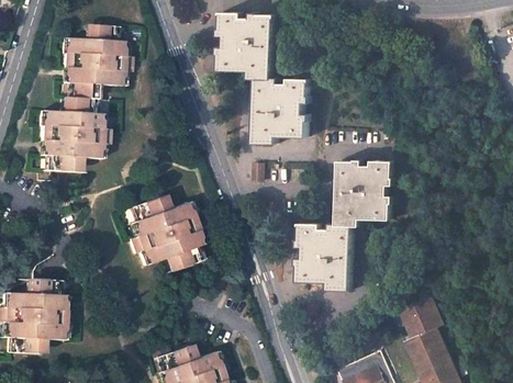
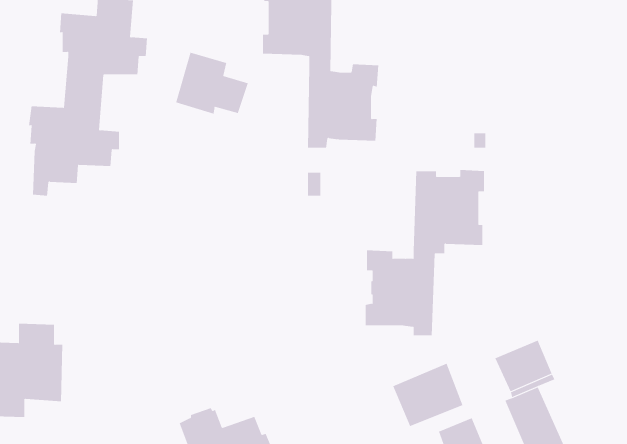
building: none -> [175,52,248,115]
building: [129,196,202,272] -> none
building: none -> [392,363,463,427]

